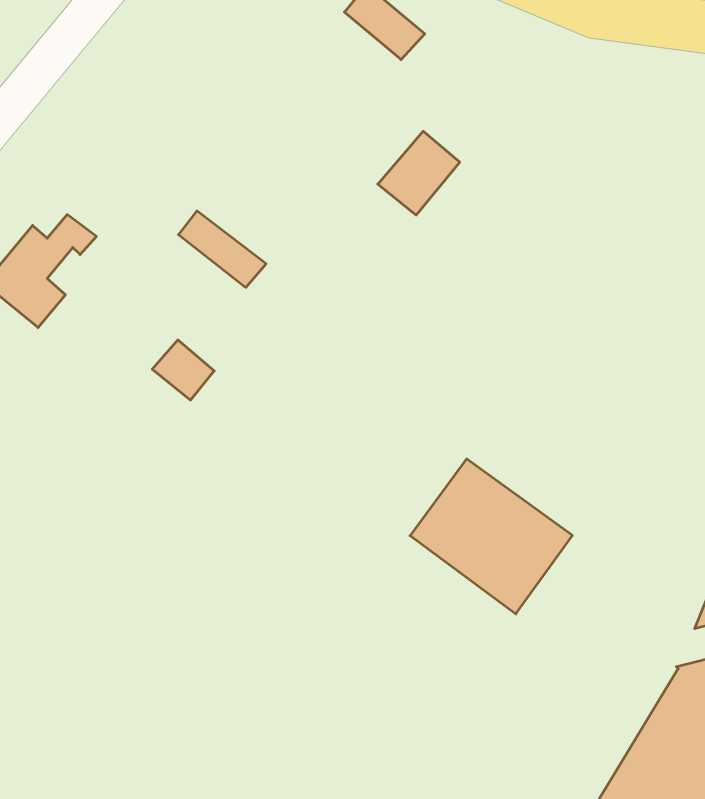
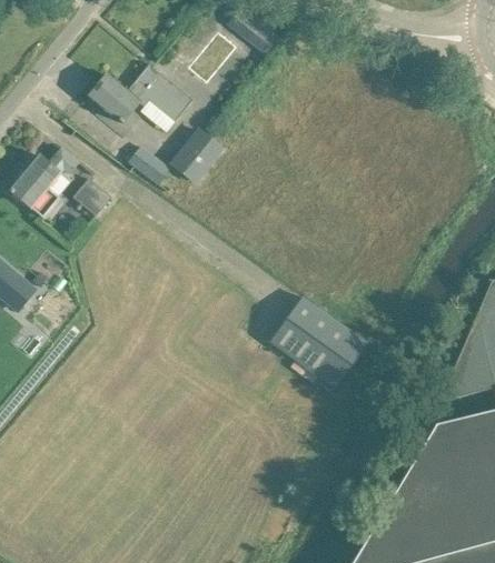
building: none -> [90,64,194,122]
building: [378,131,460,215] -> [172,130,222,181]
building: [152,340,214,400] -> [73,179,111,215]

